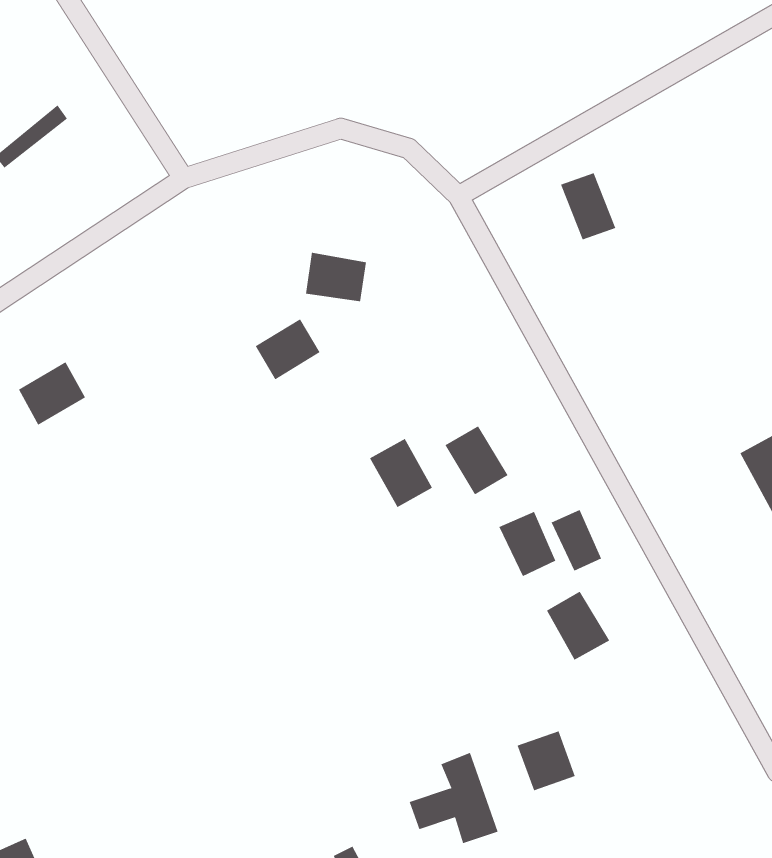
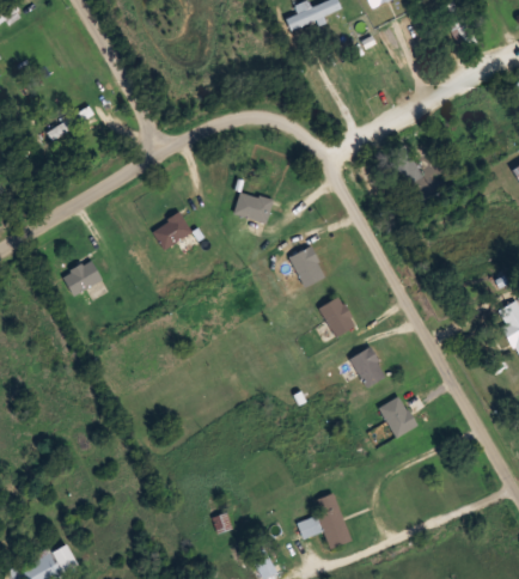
building: [255,318,321,380] -> [152,213,191,250]
building: [369,438,433,508] -> [288,246,326,288]
building: [551,509,602,571] -> none
building: [517,731,576,791] -> none

